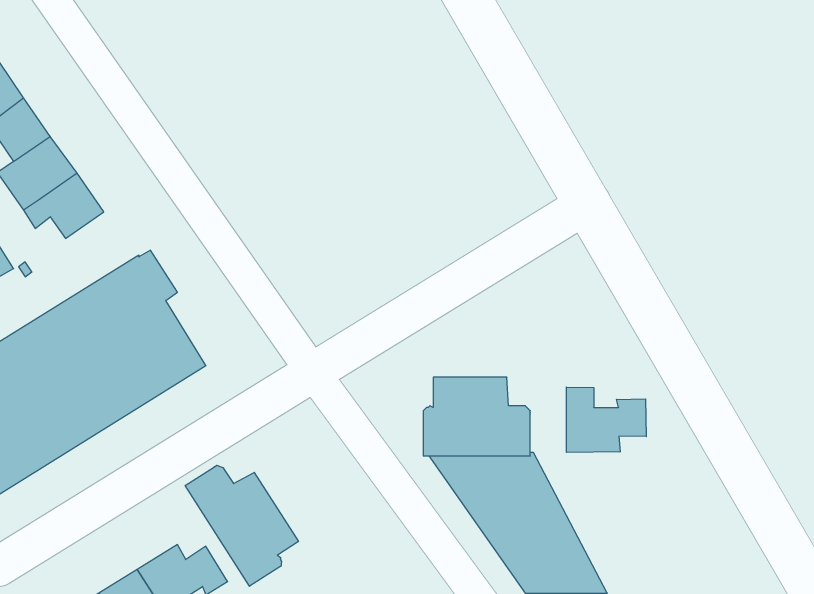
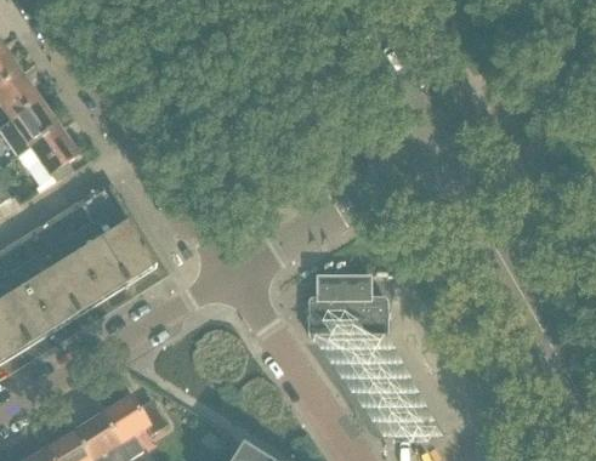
building: [566,387,646,452] -> none
building: [185,465,298,586] -> none

